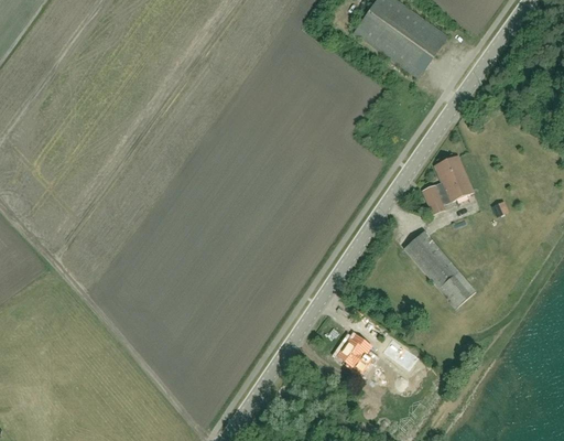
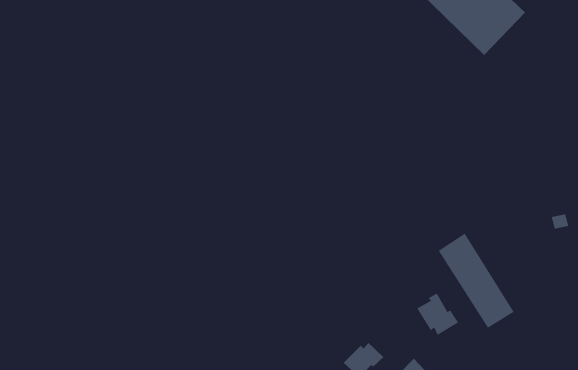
building: [423,155,473,215] -> none
building: none -> [417,293,459,336]

